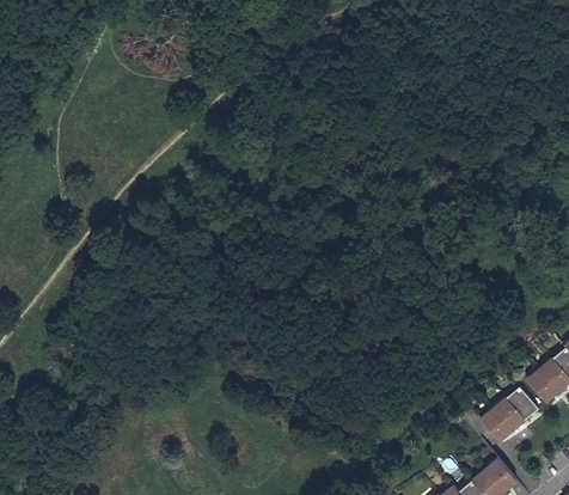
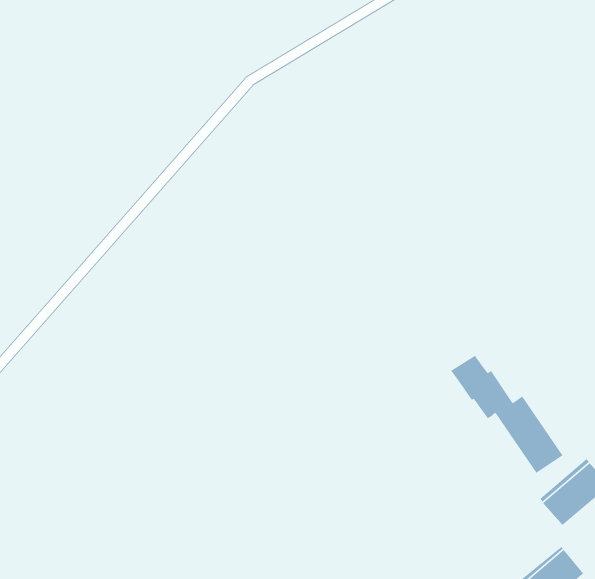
building: none -> [450,355,564,474]

